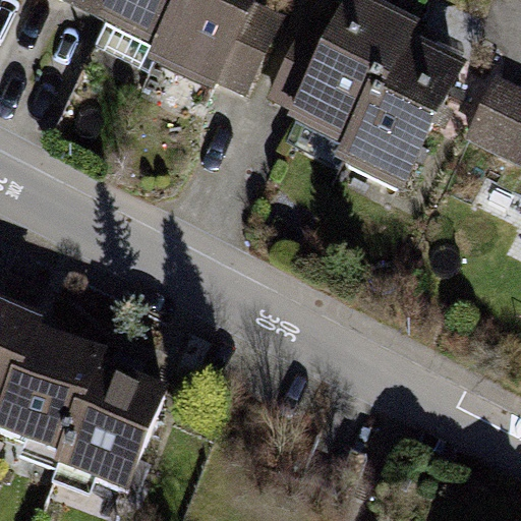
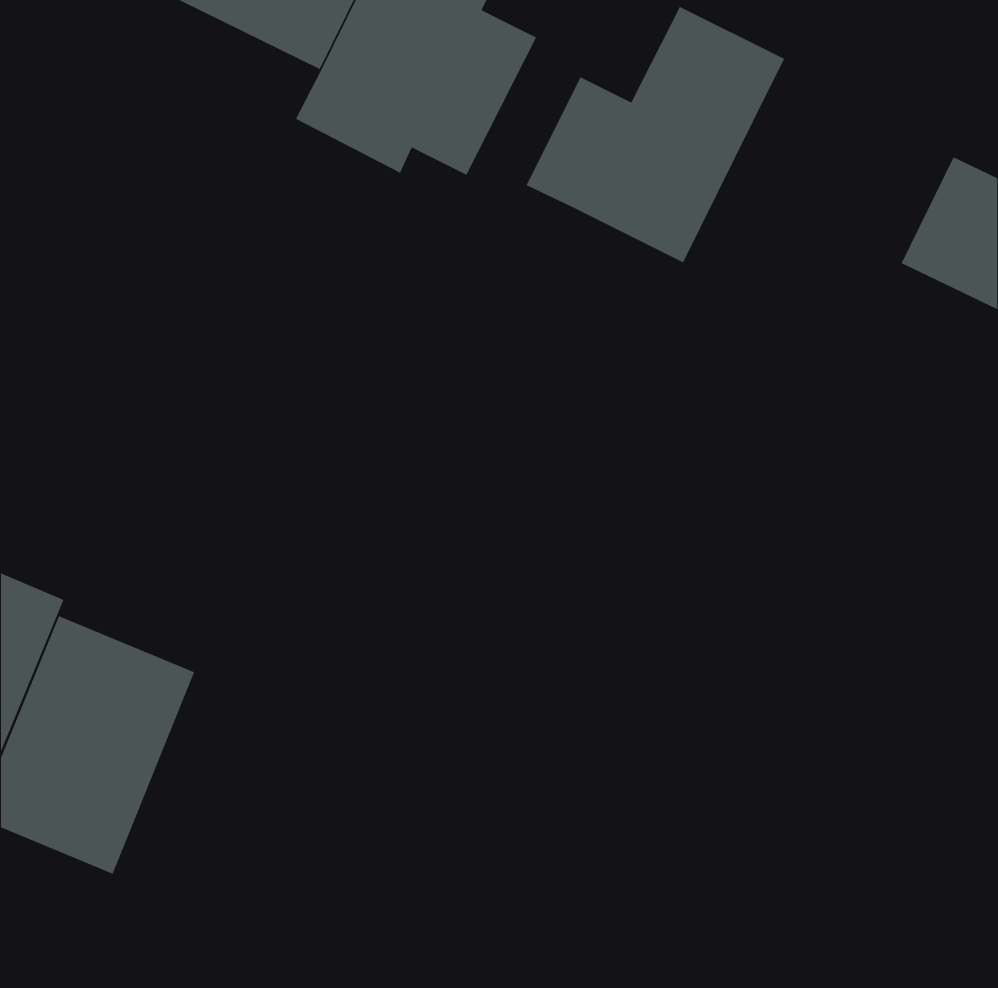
building: [350,45,458,177] -> none
building: [54,363,169,498] -> none

